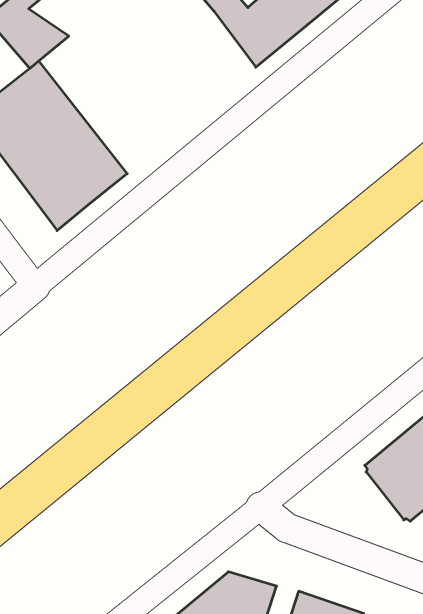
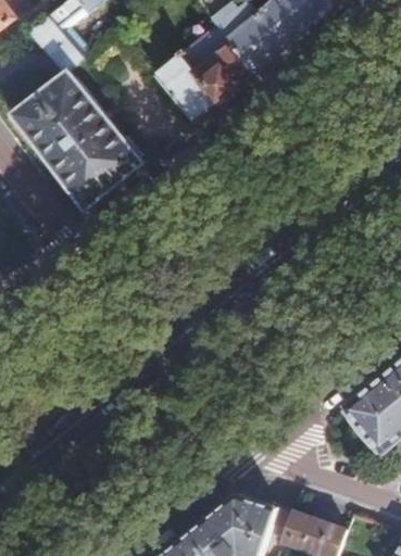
building: none -> [158,27,252,122]

